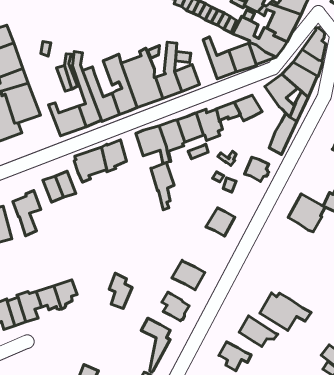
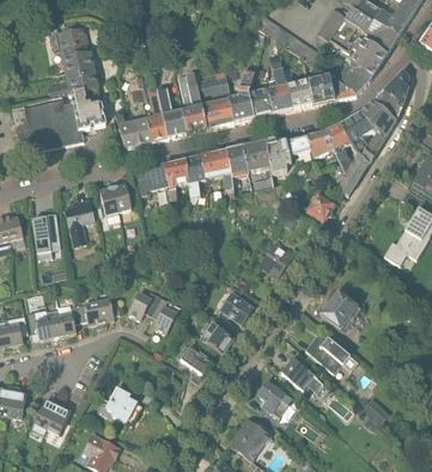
building: none -> [268,53,292,114]
building: none -> [325,124,352,172]
building: [151,163,174,210] -> [184,155,206,203]
building: [288,194,325,232] -> [321,292,360,332]
building: none -> [127,290,162,320]

